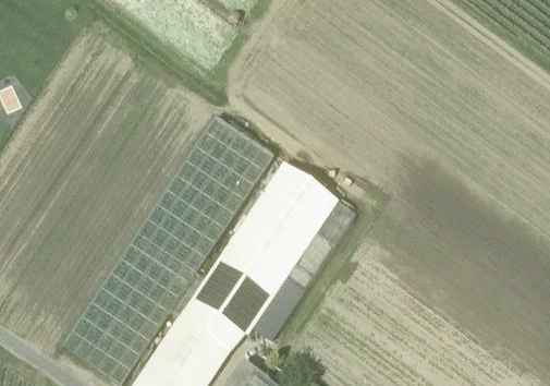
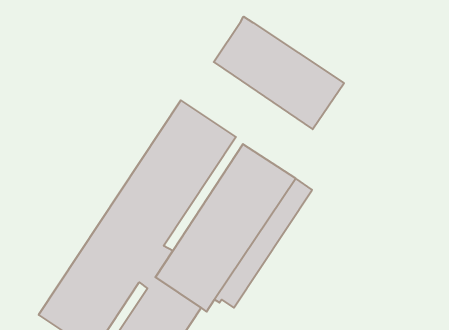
building: none -> [214,17,344,129]

